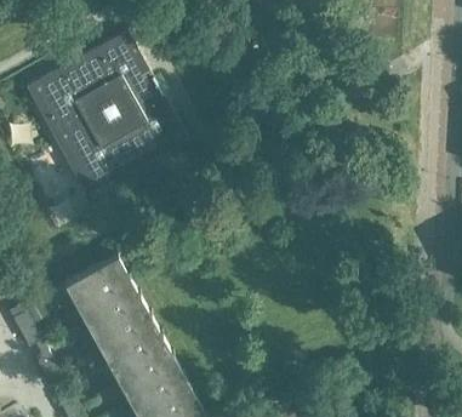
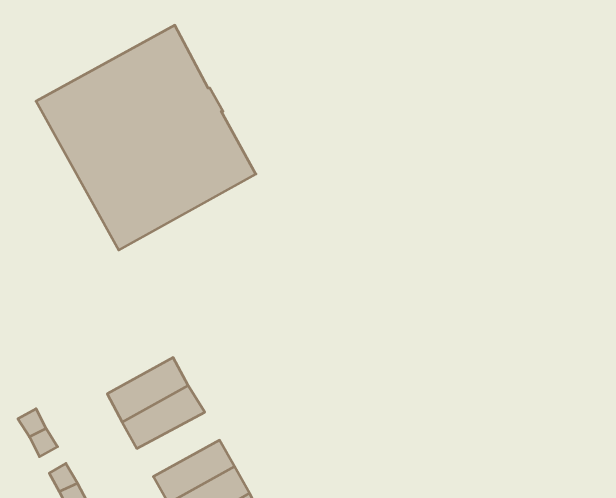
building: [65,256,127,304] -> none
building: [101,318,161,365] -> none

